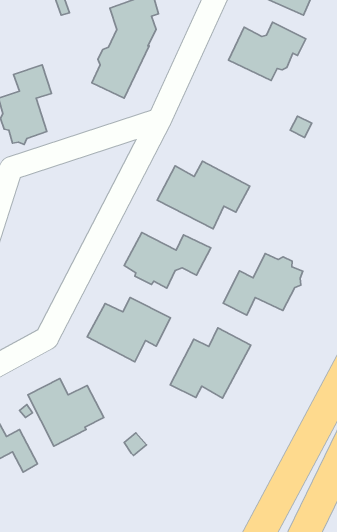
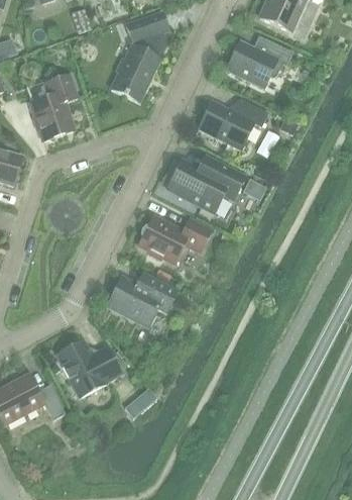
building: none -> [198,98,268,148]
building: [223,254,303,315] -> none
building: [170,328,251,398] -> none

